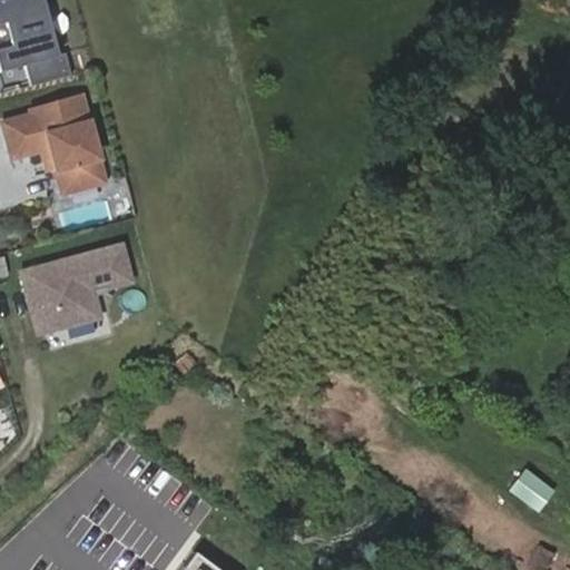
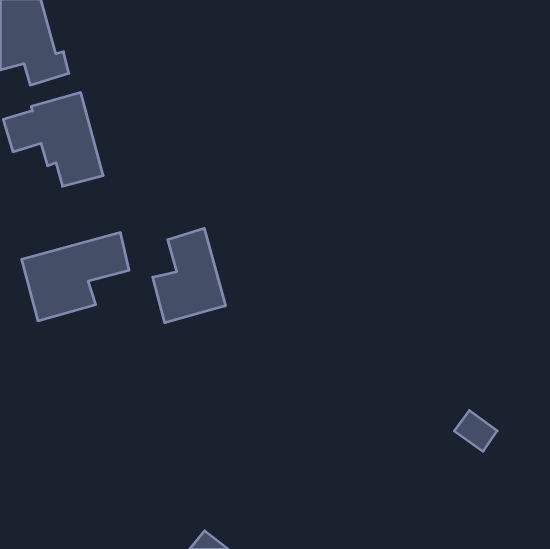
building: none -> [153,228,225,323]
building: [508,470,552,512] -> [454,410,497,451]

